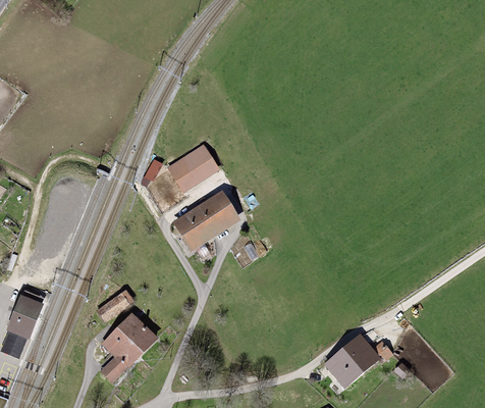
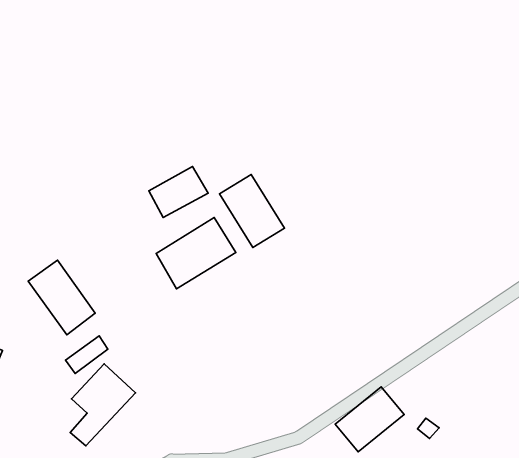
building: none -> [220,175,284,247]
building: none -> [28,260,95,335]

